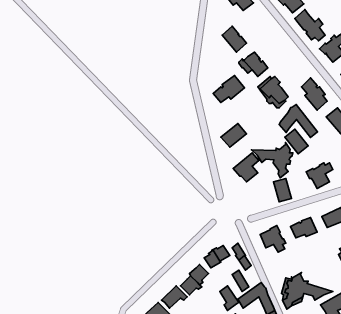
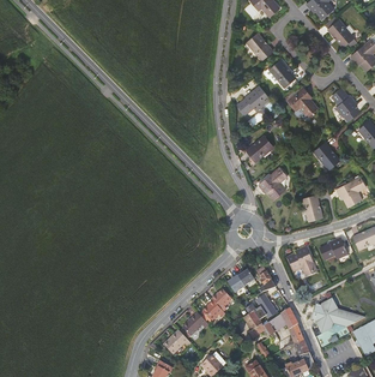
building: [279,105,317,138] -> none
building: [251,142,293,178] -> none

